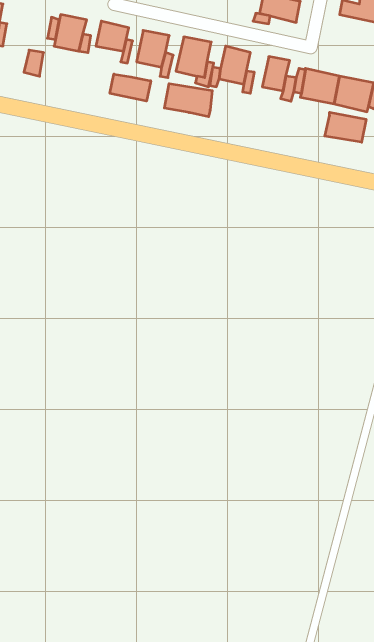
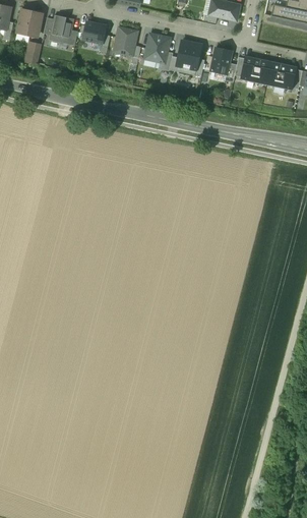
building: none -> [16,10,41,36]
building: [110,74,151,101] -> none
building: [164,84,212,117] -> none
building: [325,112,366,142] -> none

